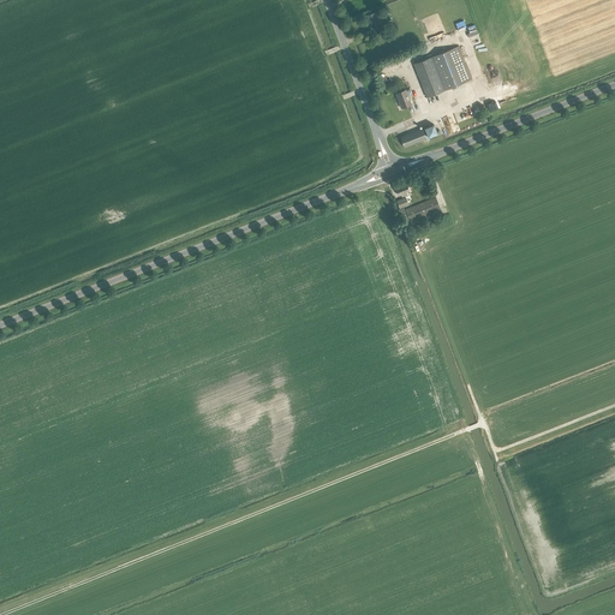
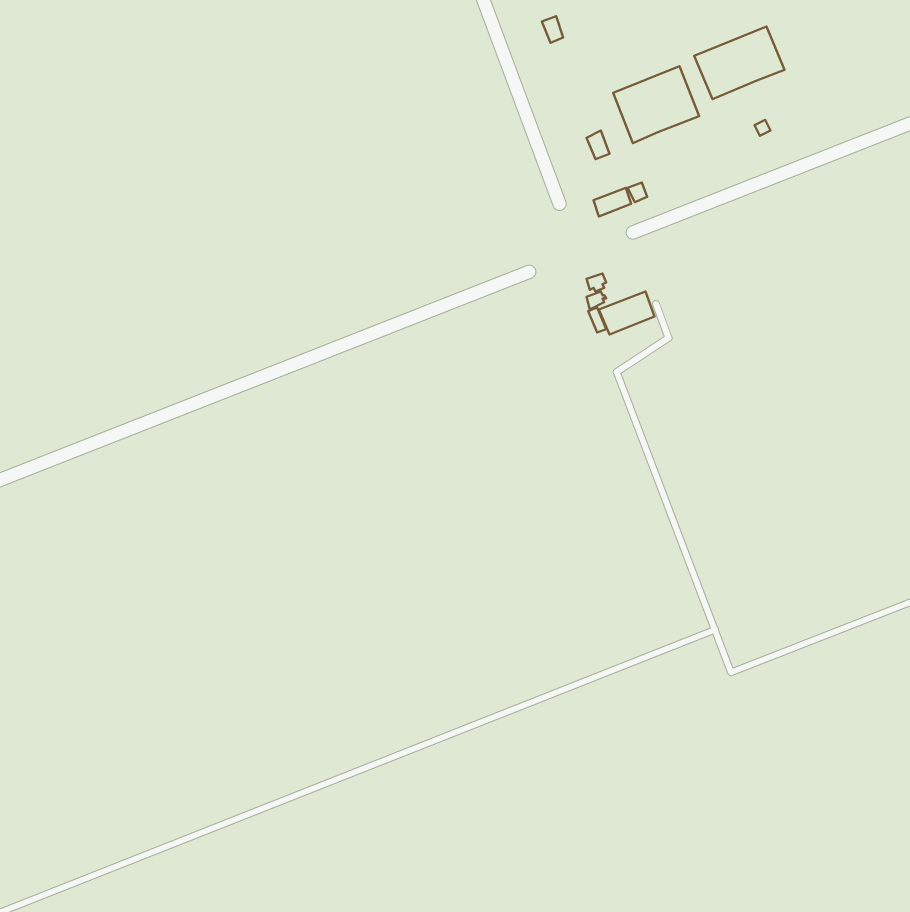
building: none -> [694,27,785,99]

